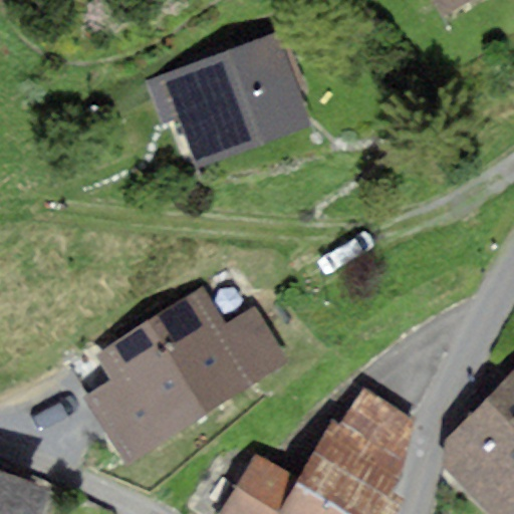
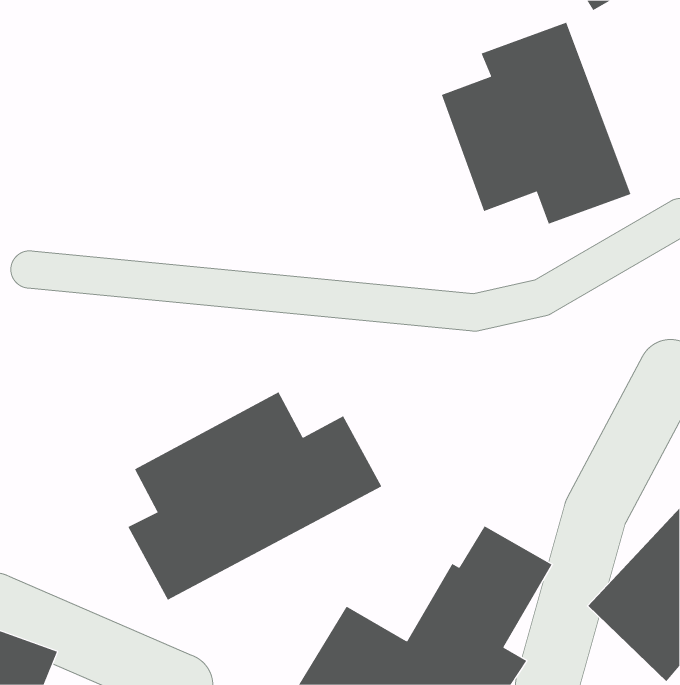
building: none -> [441,22,631,225]
building: [152,36,301,156] -> none

